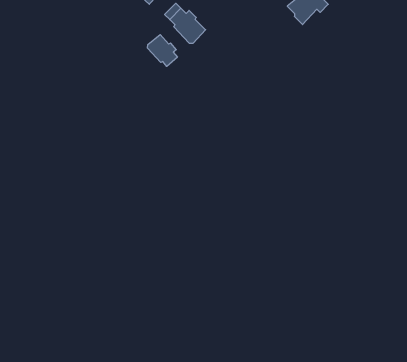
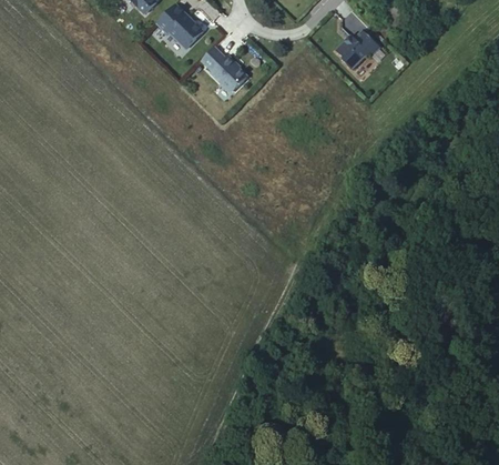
building: [148,35,177,66] -> none

